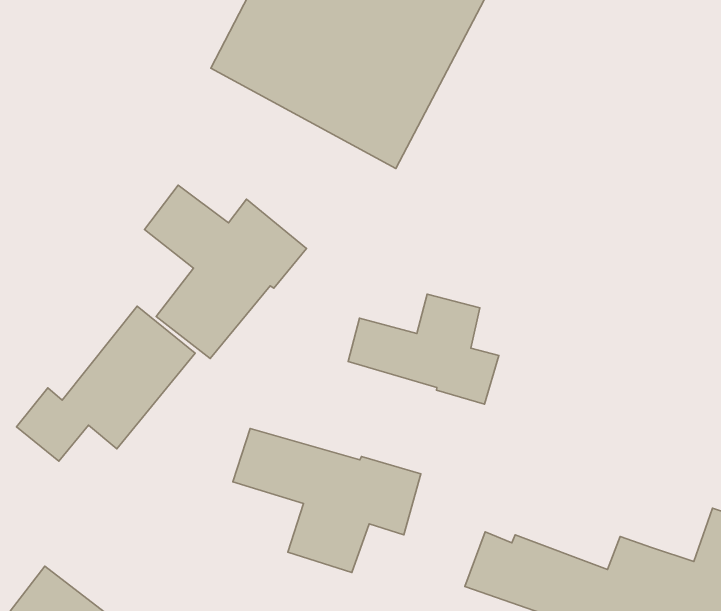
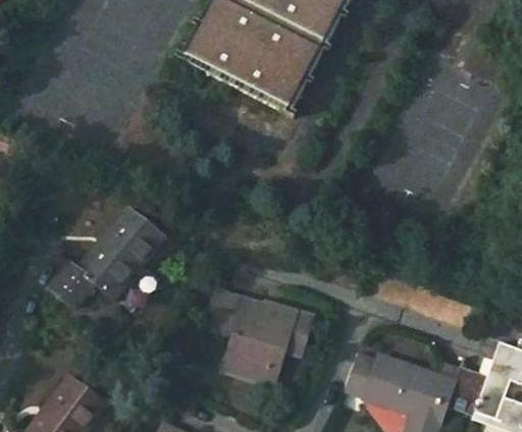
building: [145,185,306,359] -> none
building: [348,294,499,404] -> none

